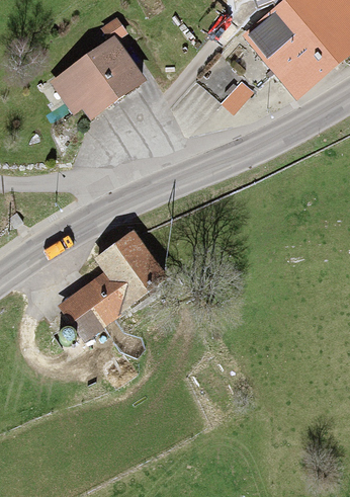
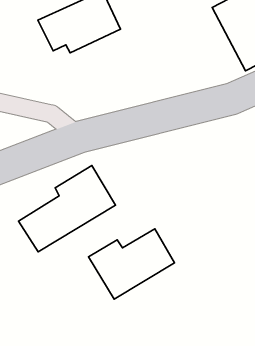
building: none -> [89,229,174,299]

